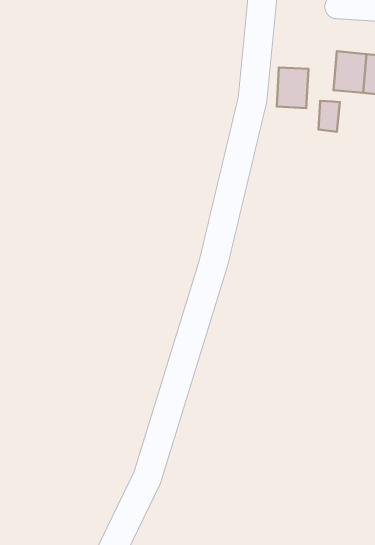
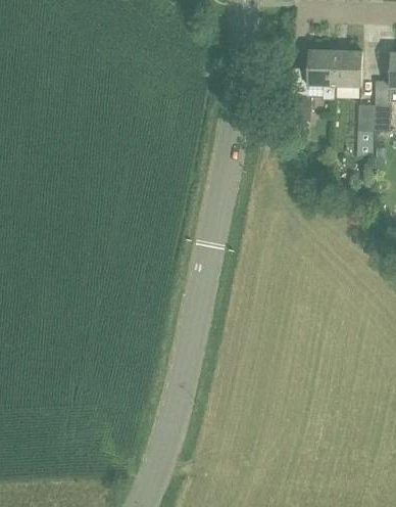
building: [277,68,309,108] -> none

